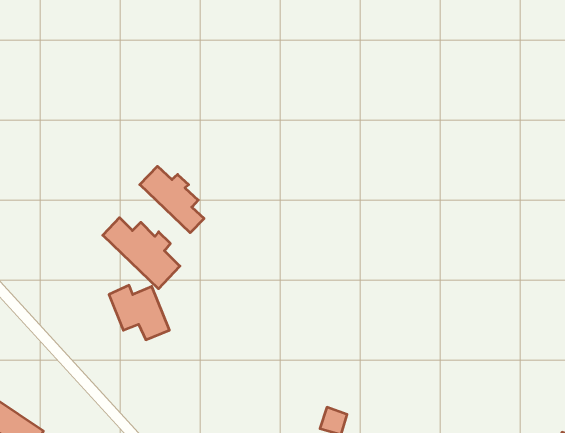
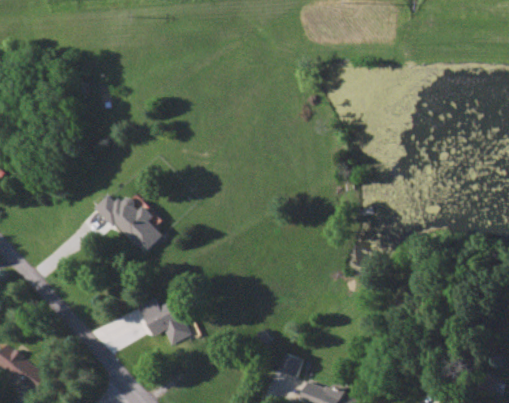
building: [140,166,204,233] -> none
building: [109,285,169,340] -> [137,298,188,344]

